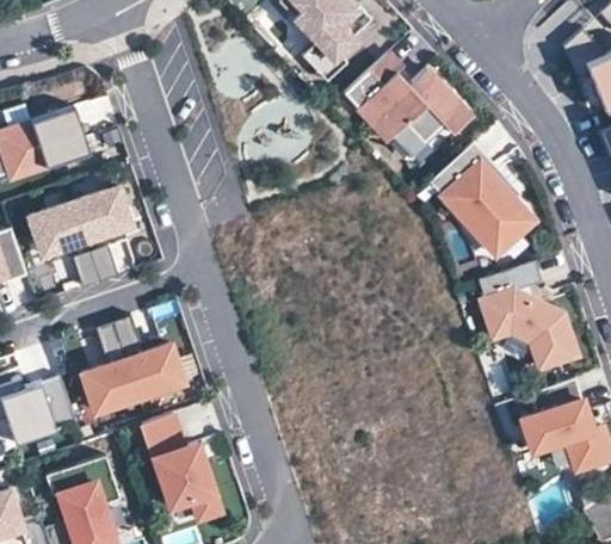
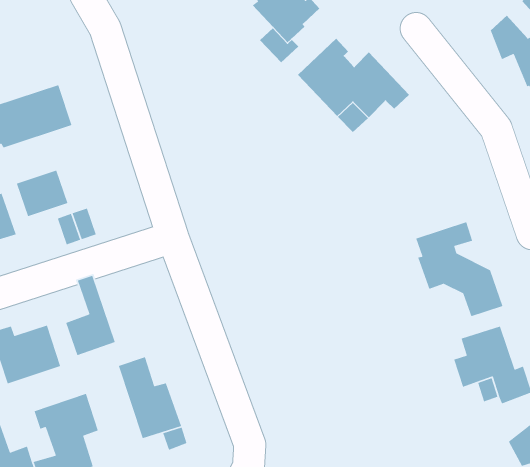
building: [428,142,536,254] -> none
building: [72,187,129,241] -> none
building: [112,316,183,398] -> none

